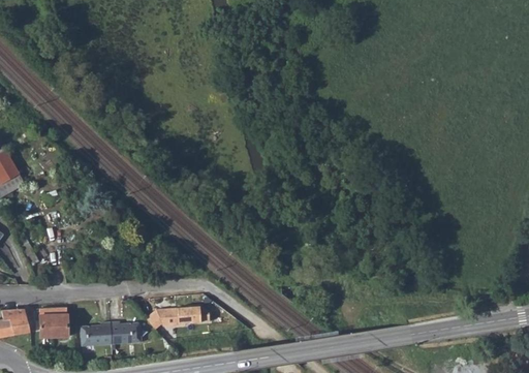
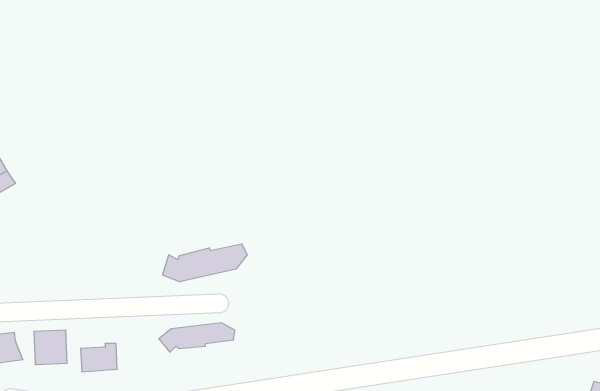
building: none -> [162,244,247,282]
building: [108,320,139,343] -> none

